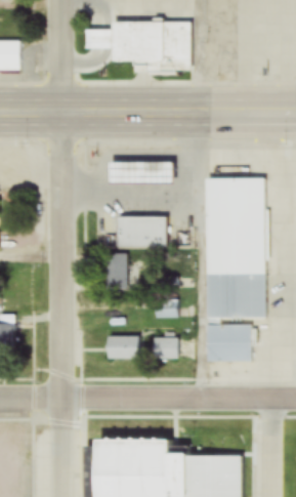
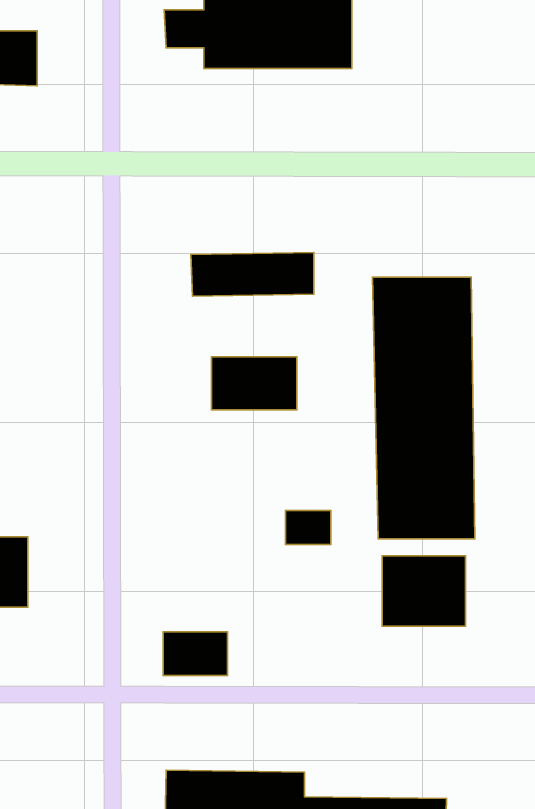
building: [108,253,128,290] -> none
building: [110,335,144,359] -> [163,632,228,676]
building: [155,337,181,359] -> none

